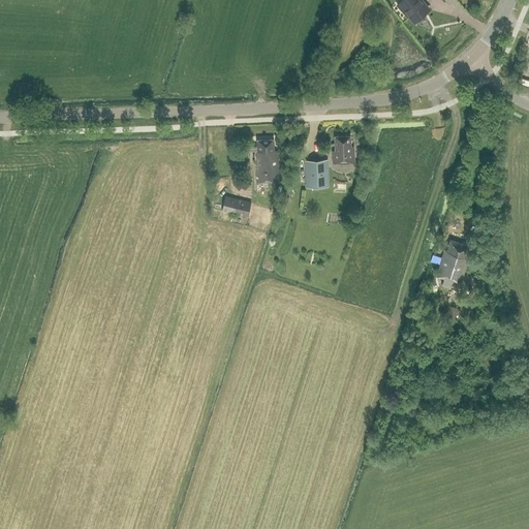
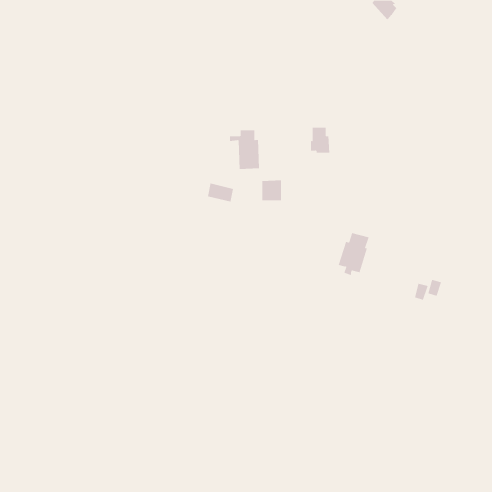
building: [307,157,329,180] -> [261,180,282,201]
building: [436,241,470,287] -> [338,232,370,276]

